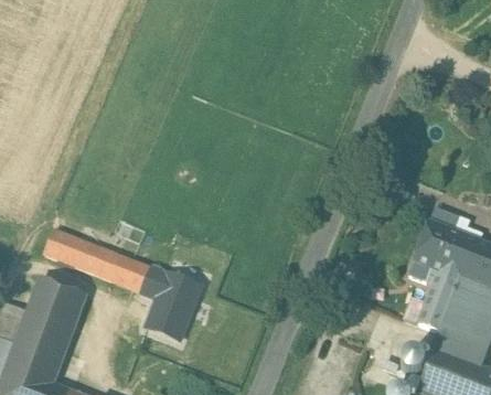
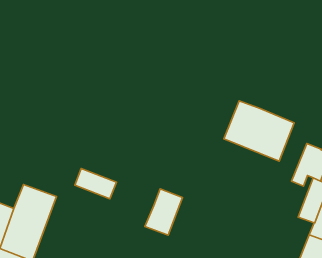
building: none -> [224,101,294,161]
building: [44,229,120,279] -> none
building: [148,275,200,339] -> [145,189,183,235]

